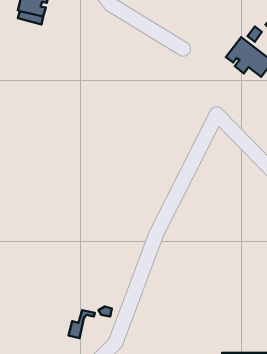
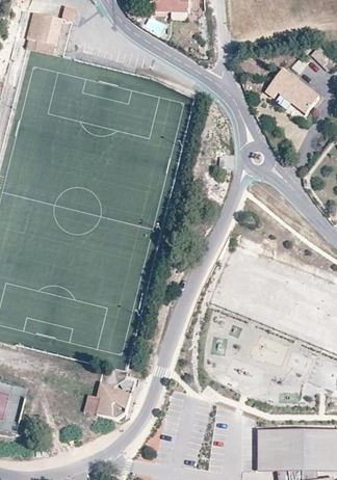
building: none -> [97,388,131,419]

